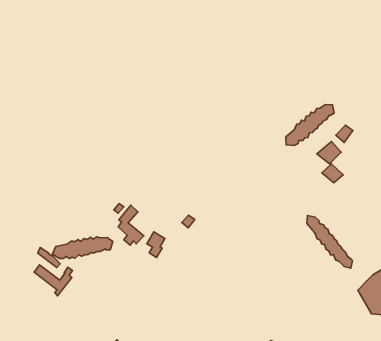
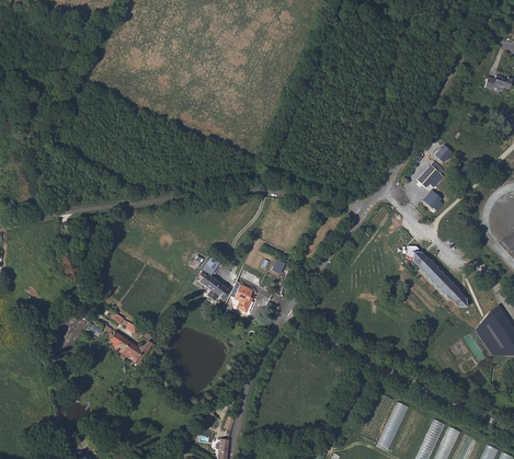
building: [286,104,334,146] -> none
building: [52,237,113,259] -> none

